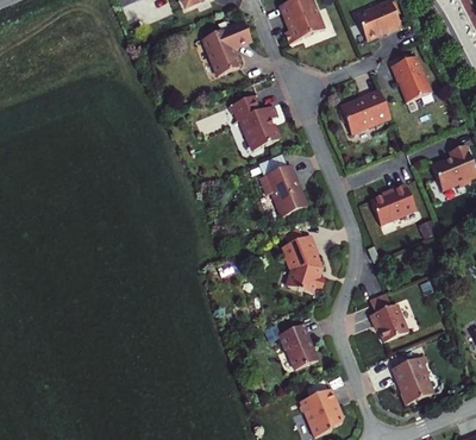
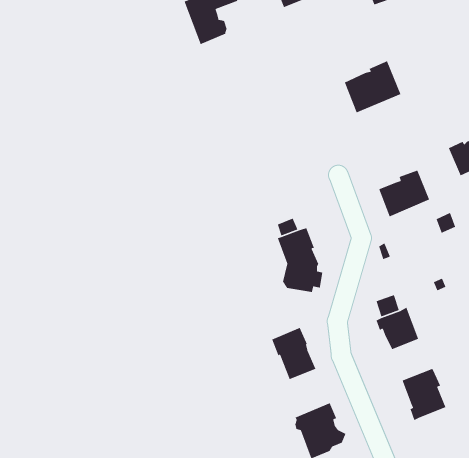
building: [389,55,431,101] -> none
building: [231,95,278,149] -> none
building: [261,164,308,215] -> none

